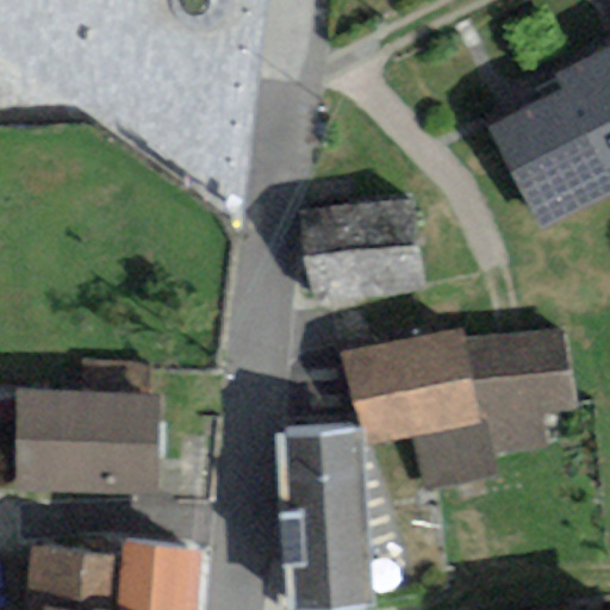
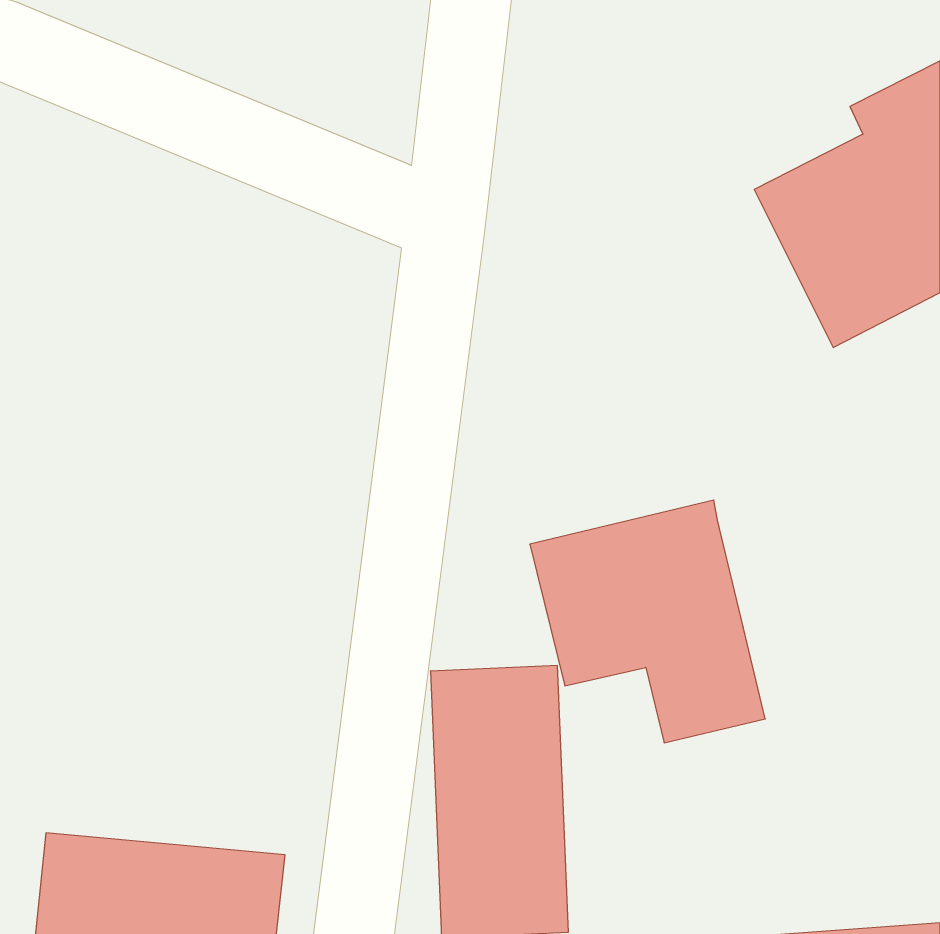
building: [311,207,422,301] -> none
building: [465,330,575,458] -> none
building: [14,390,164,490] -> none

